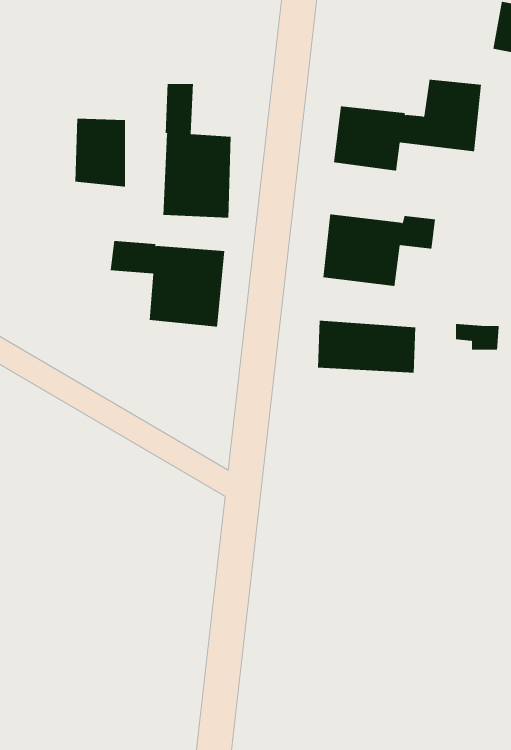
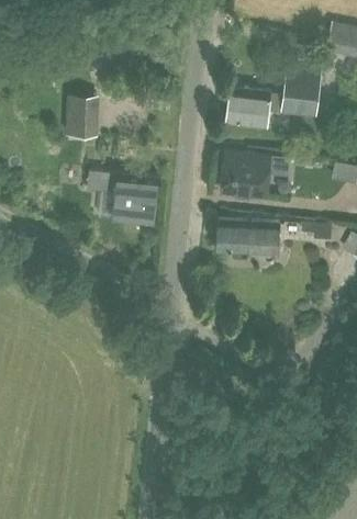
building: [163,83,231,218] -> none

